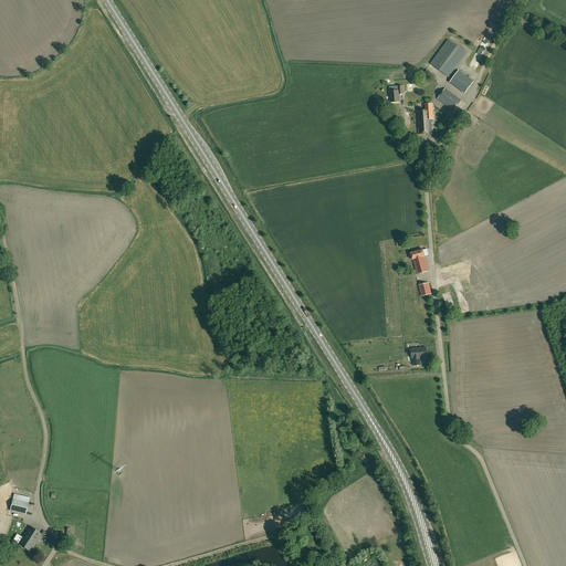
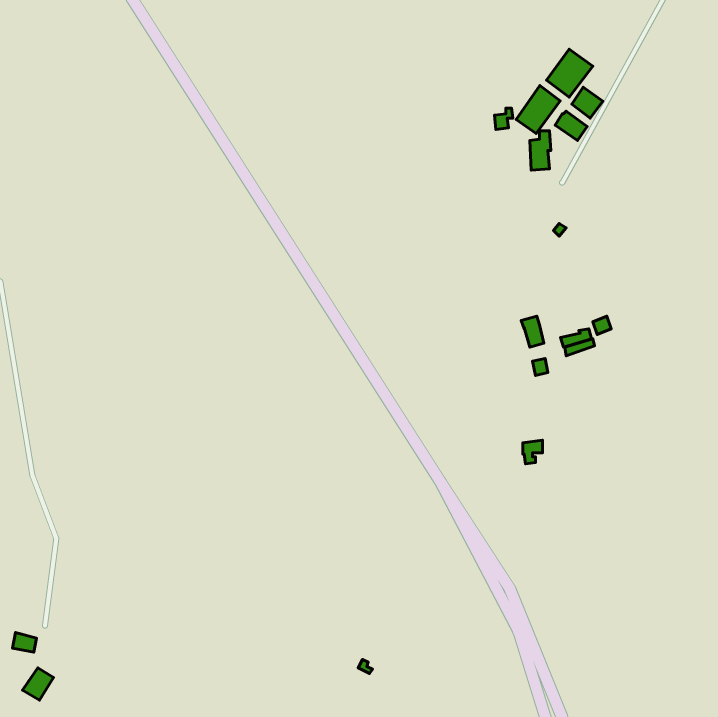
building: none -> [516,86,560,134]

